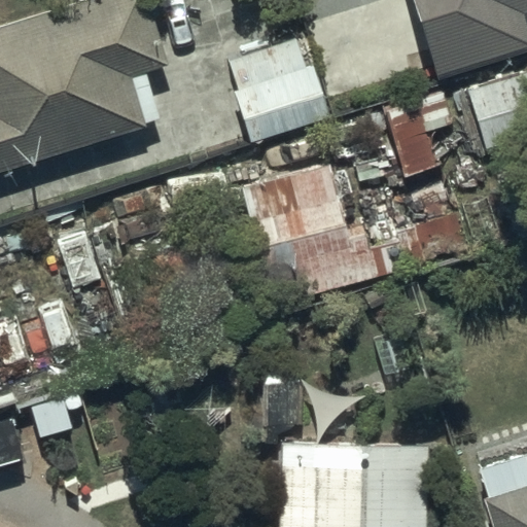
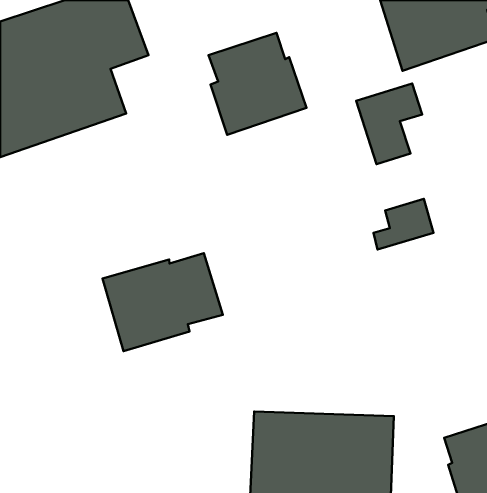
building: [241,164,389,305] -> none
building: none -> [103,253,223,351]

